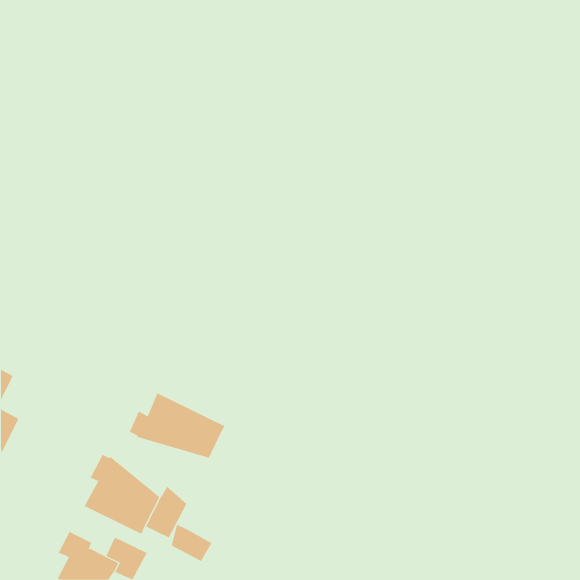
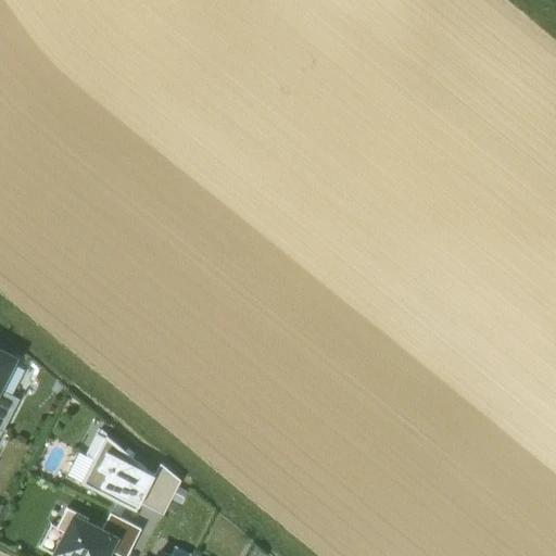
building: [129,393,225,458] -> none
building: [171,524,212,562] -> none

